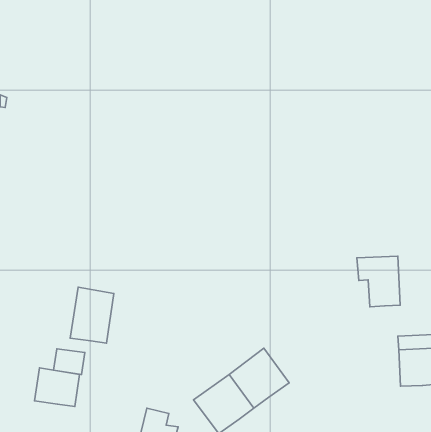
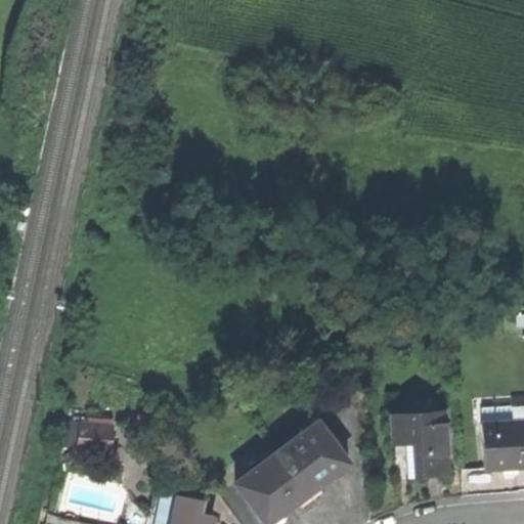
building: [357,256,400,307] -> [396,412,448,474]
building: [70,287,114,343] -> none
building: [35,368,79,407] -> none

